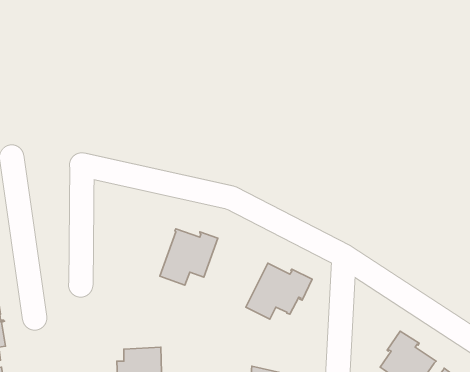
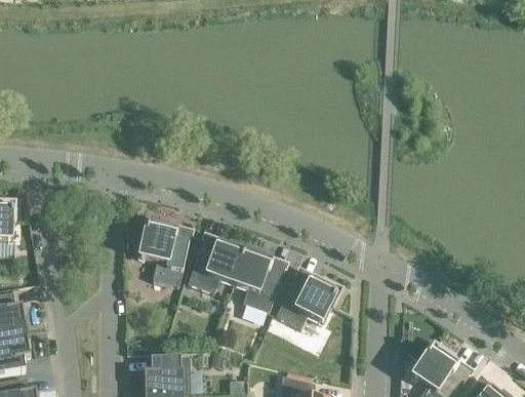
building: none -> [139,216,190,286]
building: none -> [232,245,285,313]

